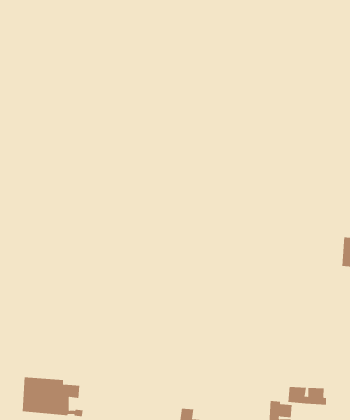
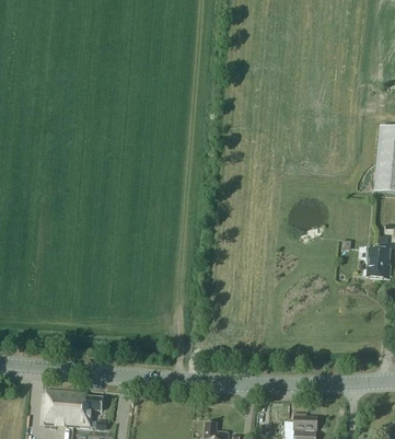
building: [288,386,327,406] -> none

